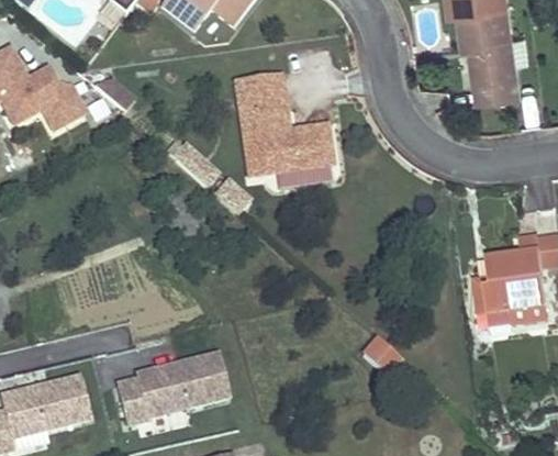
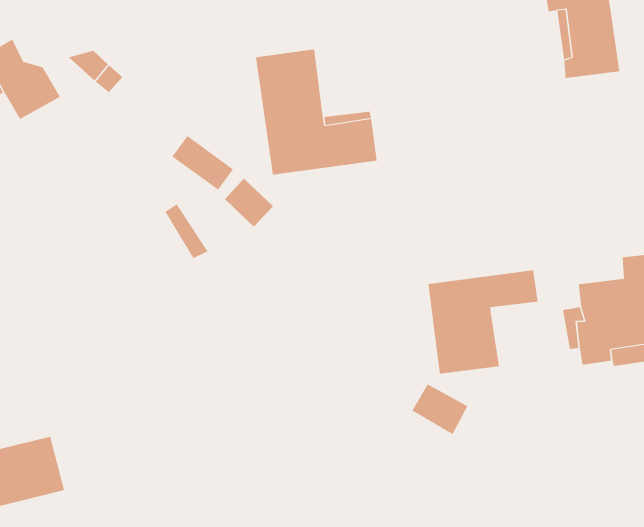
building: none -> [428,269,538,374]
building: [114,354,227,423] -> none

